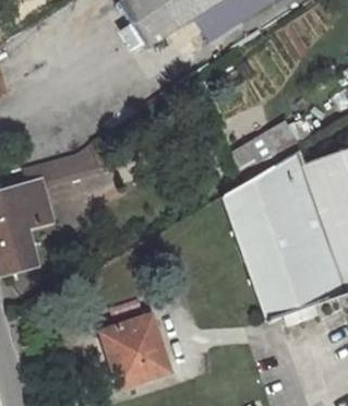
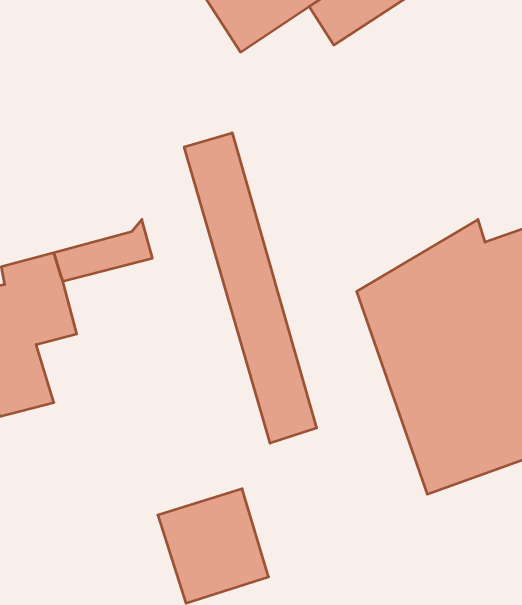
building: none -> [184,133,317,443]

